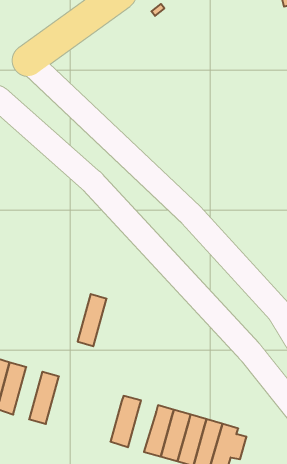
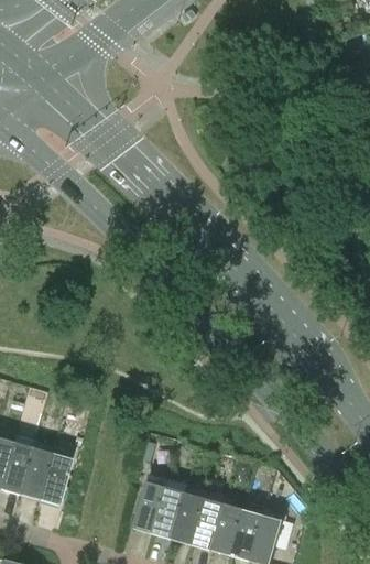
building: [78,294,107,346] -> [19,440,53,501]
building: none -> [154,479,189,540]

